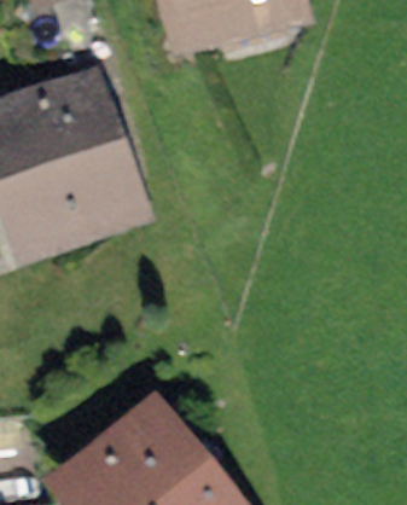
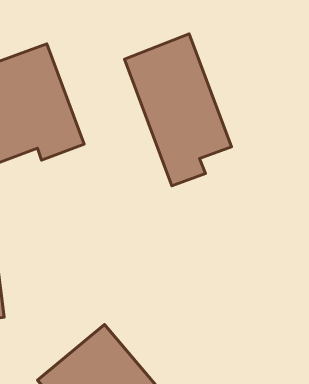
building: none -> [124,34,231,186]

